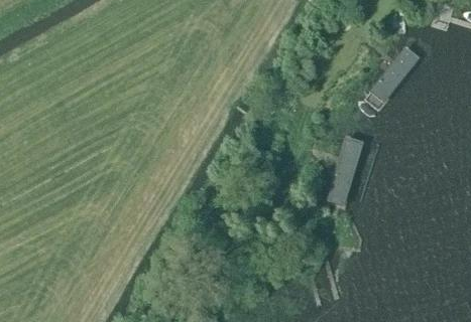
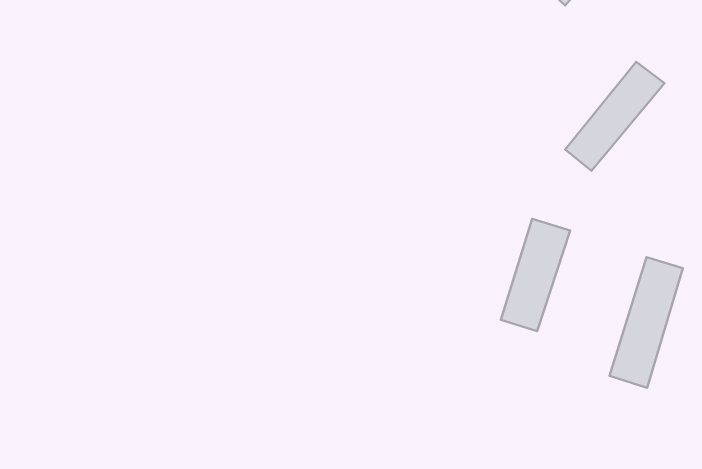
building: none -> [609,257,683,388]

